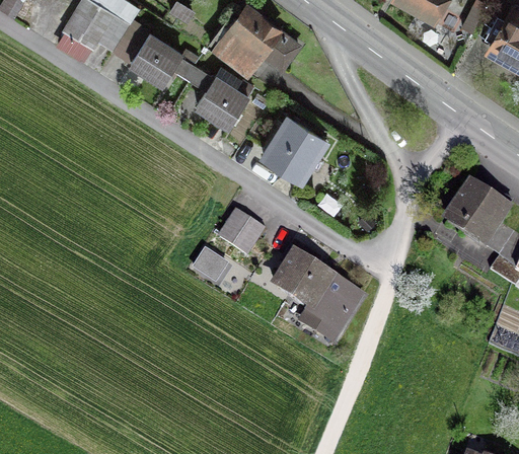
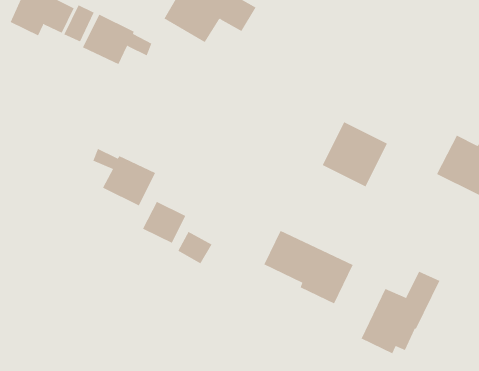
building: [191,68,248,127] -> [93,148,156,206]
building: [263,117,326,180] -> [322,122,388,187]
building: [220,214,263,255] -> [142,201,186,244]
building: none -> [361,271,440,354]

